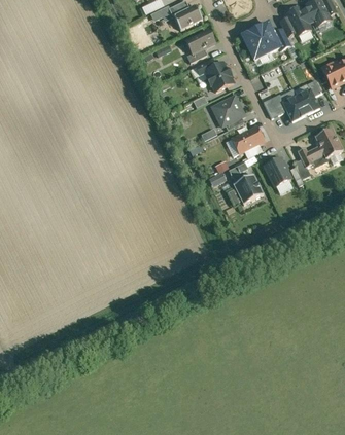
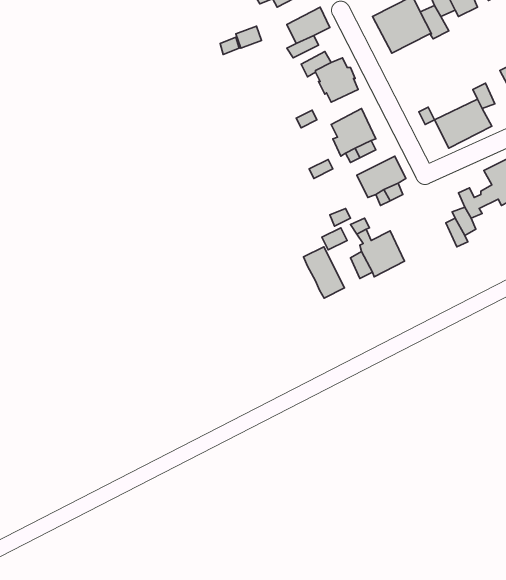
building: [265,157,290,186] -> none
building: none -> [303,247,344,298]

